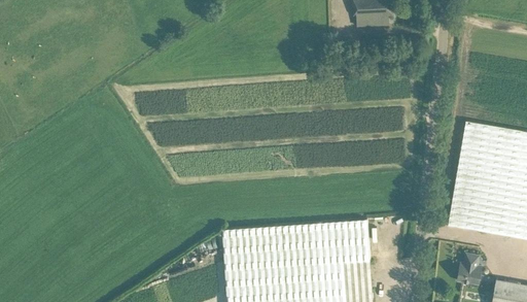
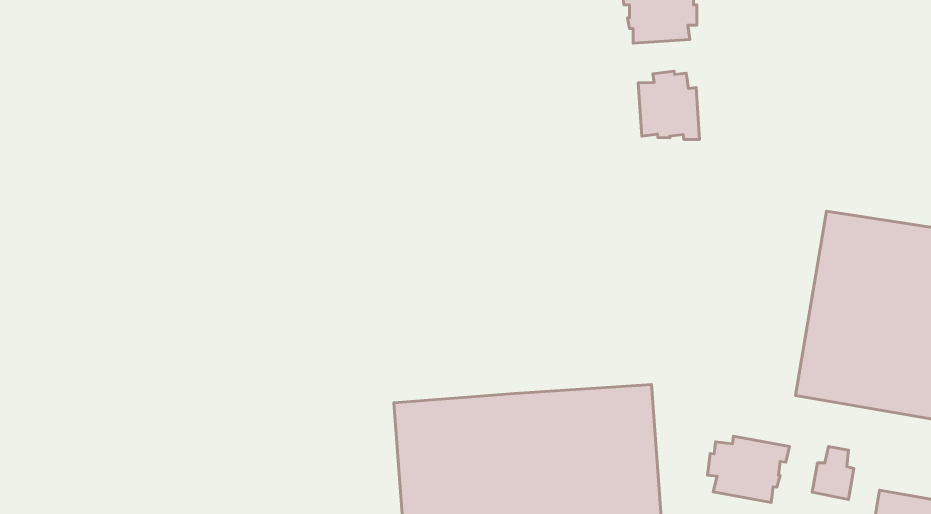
building: none -> [638,71,700,140]
building: none -> [708,436,790,502]

